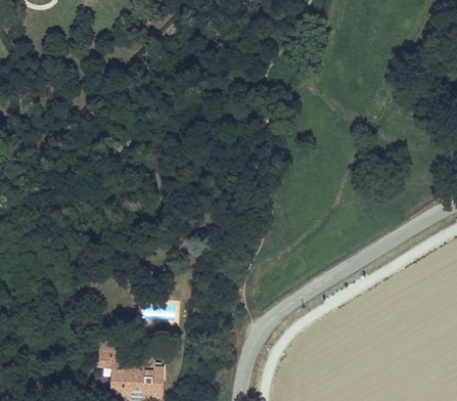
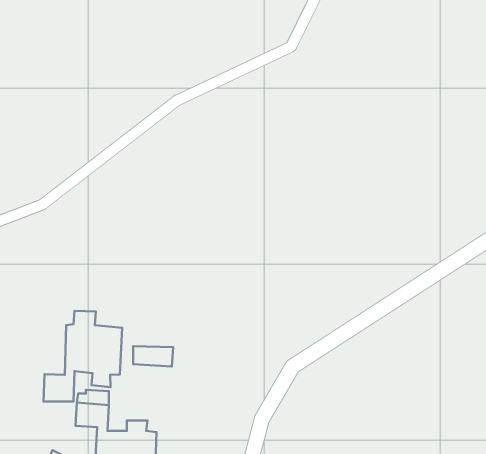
building: none -> [44,311,122,401]

